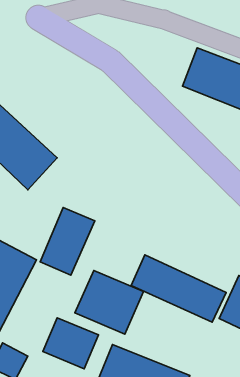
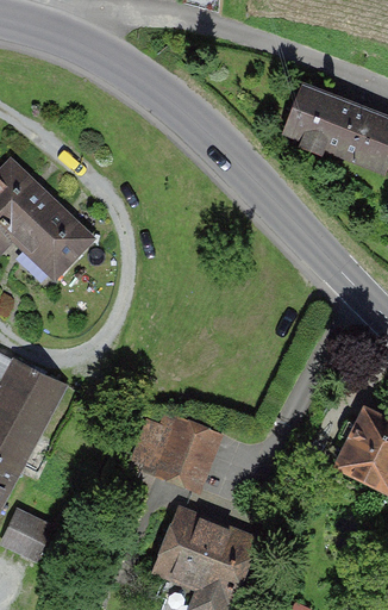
building: [40,208,95,275] -> none
building: [131,255,226,322] -> none
building: [43,318,99,369] -> none

